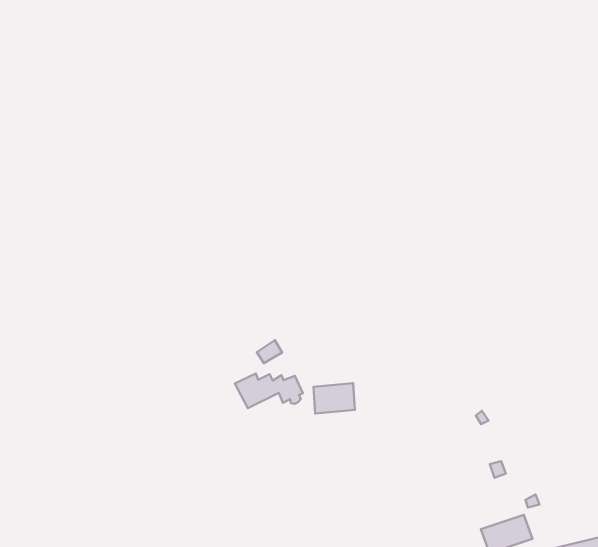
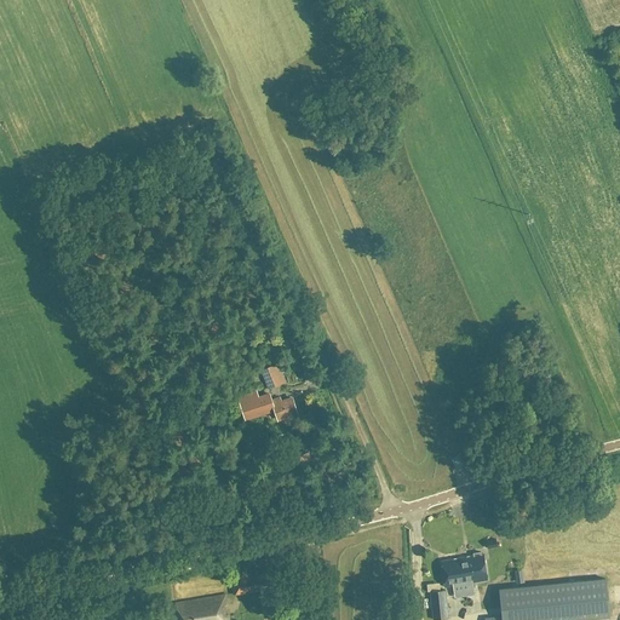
building: [314,383,355,414] -> none

